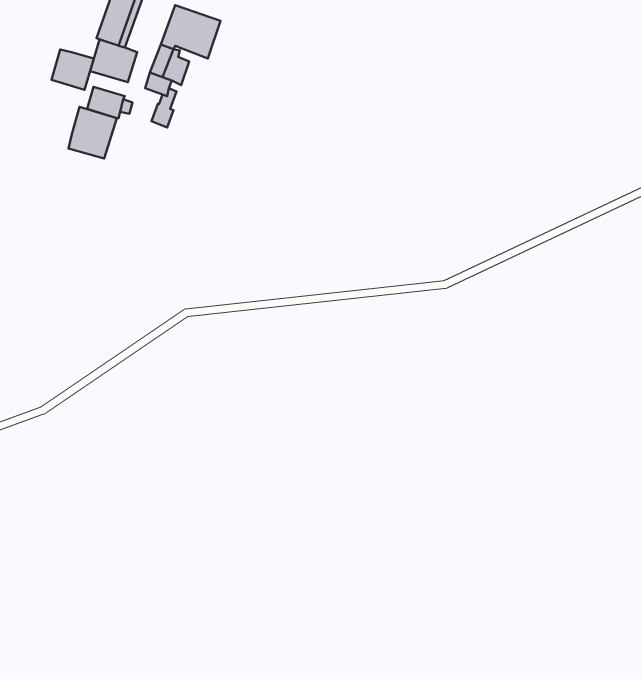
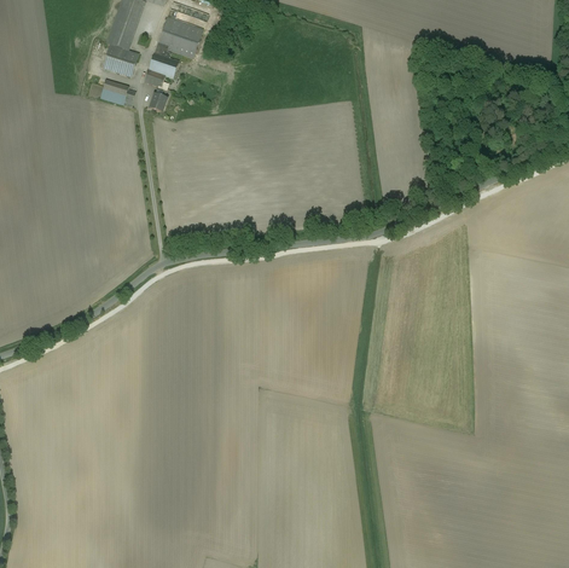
building: [51,50,94,90] -> none
building: [69,107,117,159] -> none

